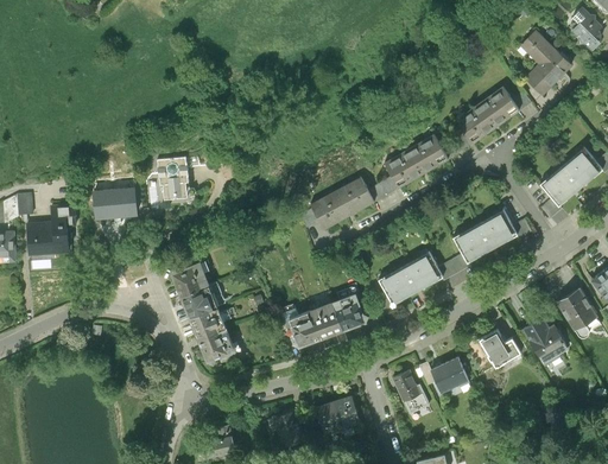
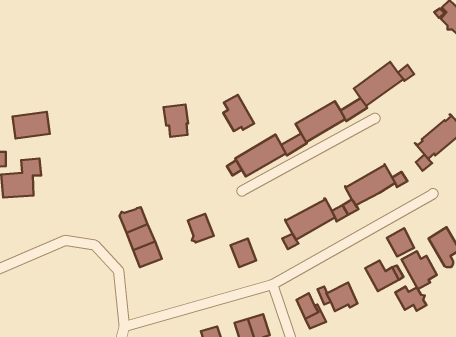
building: [528,25,577,88] -> none
building: none -> [223,95,254,131]
building: [157,155,188,196] -> [163,104,188,137]
building: [91,185,138,218] -> [13,112,50,139]
building: none -> [387,228,414,256]
building: [331,294,366,330] -> none
building: [289,311,321,347] -> [188,214,214,243]
building: [197,328,238,363] -> none
building: none -> [395,287,426,311]

